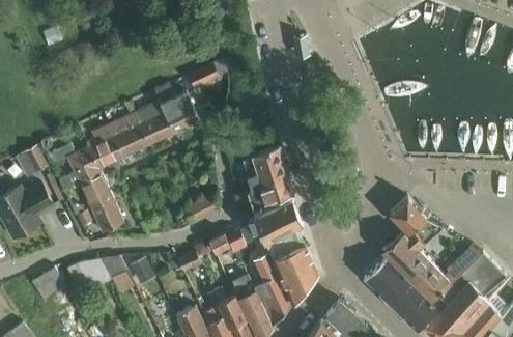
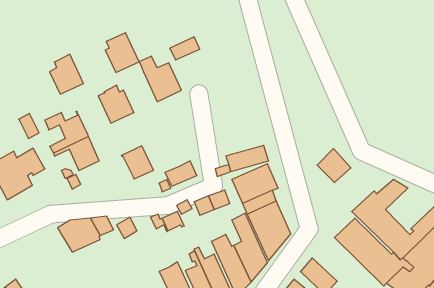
building: [138,102,174,144] -> [105,33,139,72]
building: [88,124,124,167] -> [50,54,83,94]
building: [248,148,288,190] -> none
building: [391,195,427,231] -> [317,149,351,183]
building: [90,196,124,231] -> [121,146,153,179]
building: [32,268,65,300] -> none

